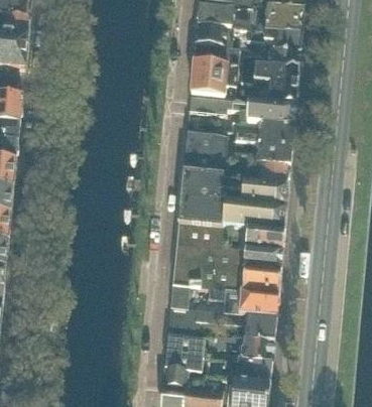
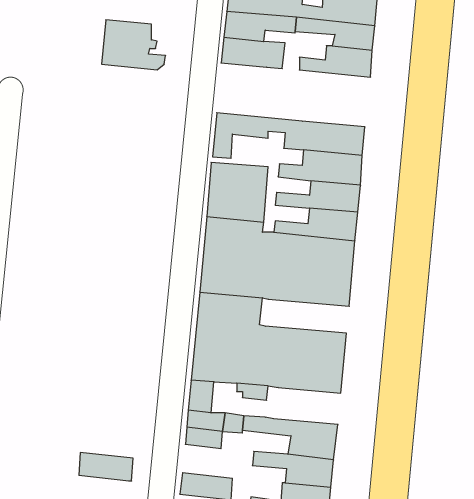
building: [190,58,235,94] -> [102,20,166,70]
building: [238,62,298,104] -> none
building: [224,226,283,250] -> none
building: [230,288,277,314] -> none
building: [165,332,204,353] -> [79,453,133,481]

